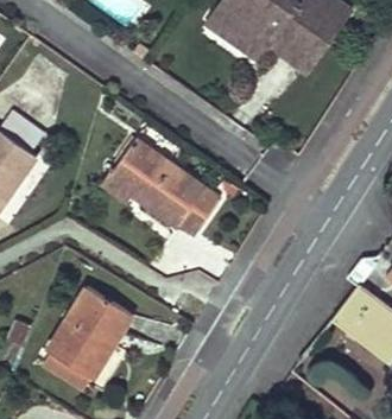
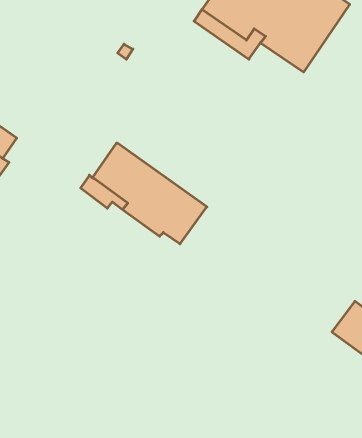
building: [43,287,129,381] -> none

